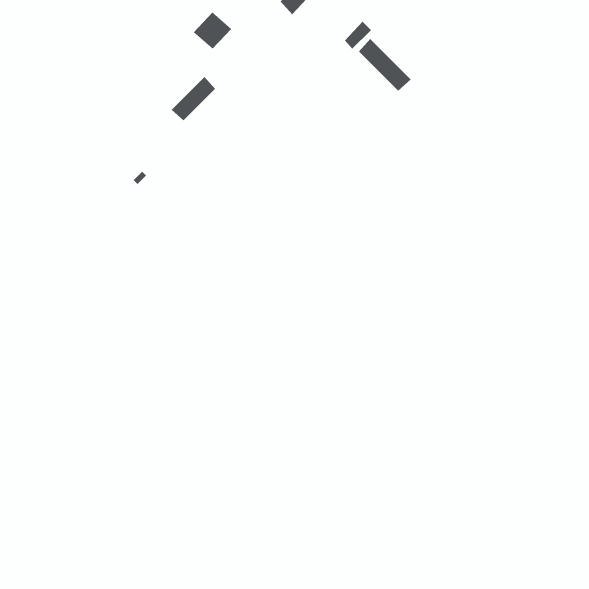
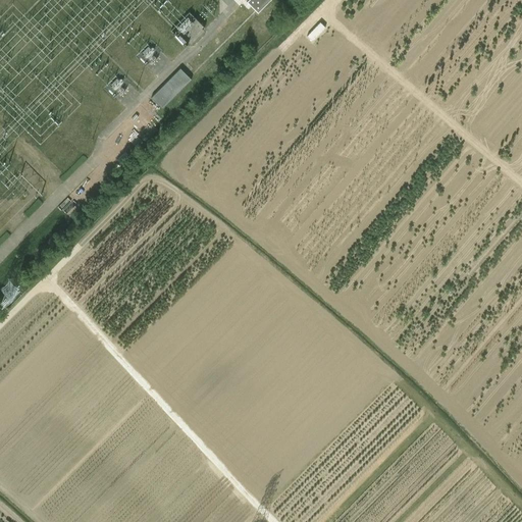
building: [358,38,412,91] -> none

